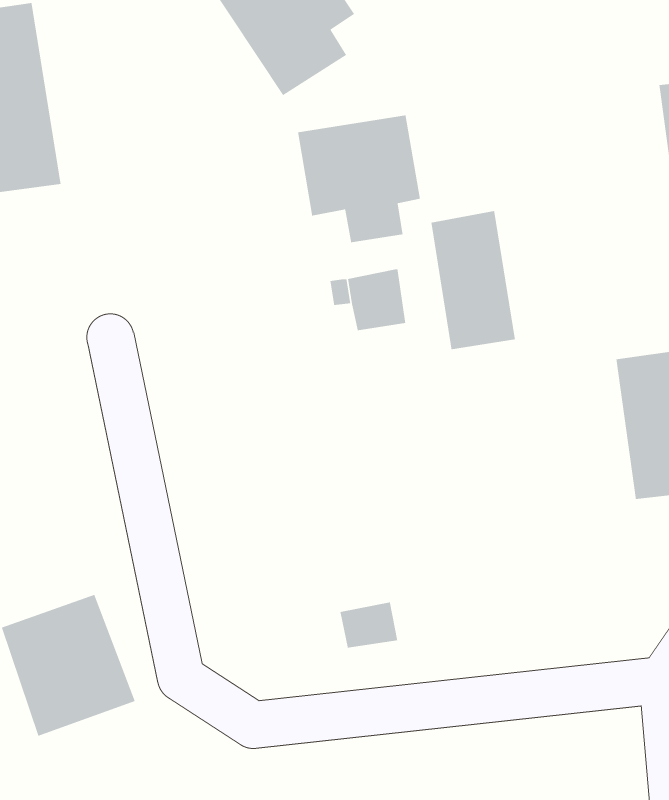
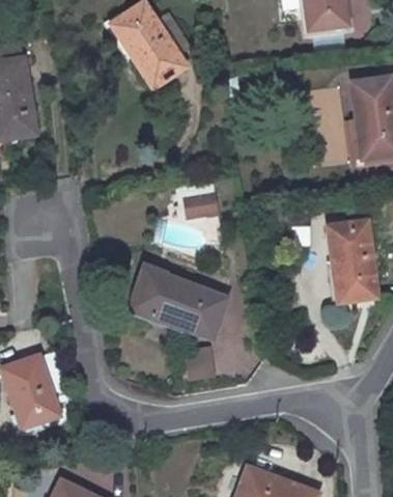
building: [297,114,421,243] -> none
building: [430,210,516,350] -> none
building: none -> [137,272,225,337]

